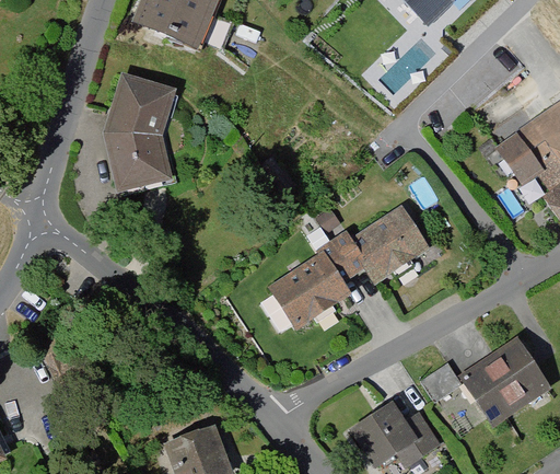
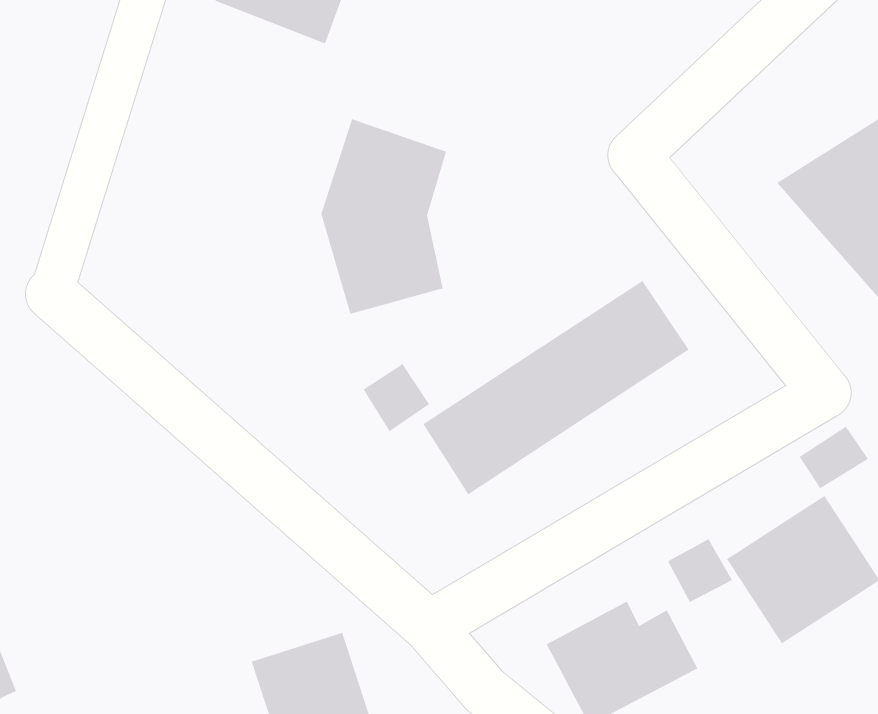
building: [100,70,179,194] -> [320,118,447,314]
building: none -> [363,363,430,432]
building: none -> [799,426,869,489]

